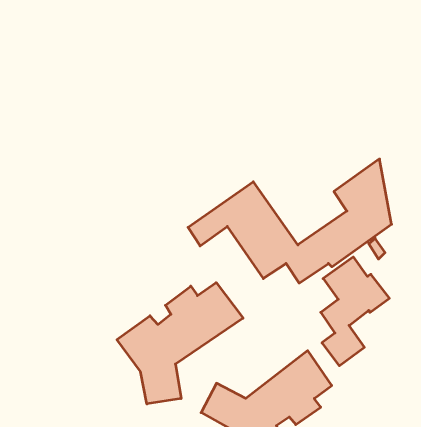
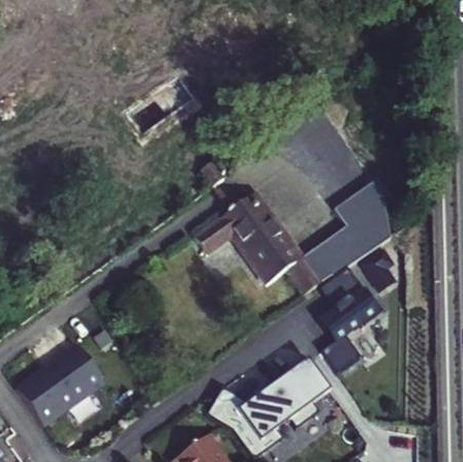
building: [117,283,243,404] -> none
building: none -> [22,341,106,420]

